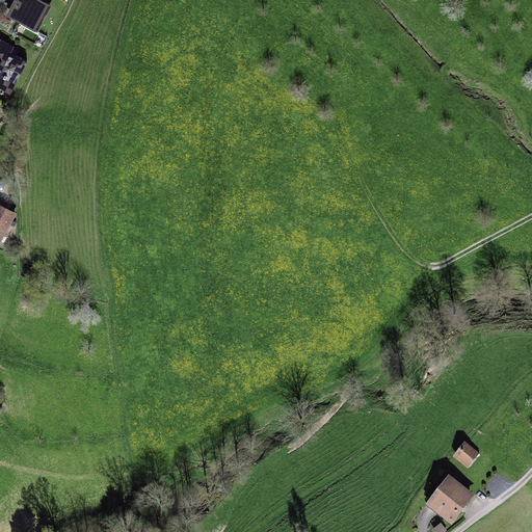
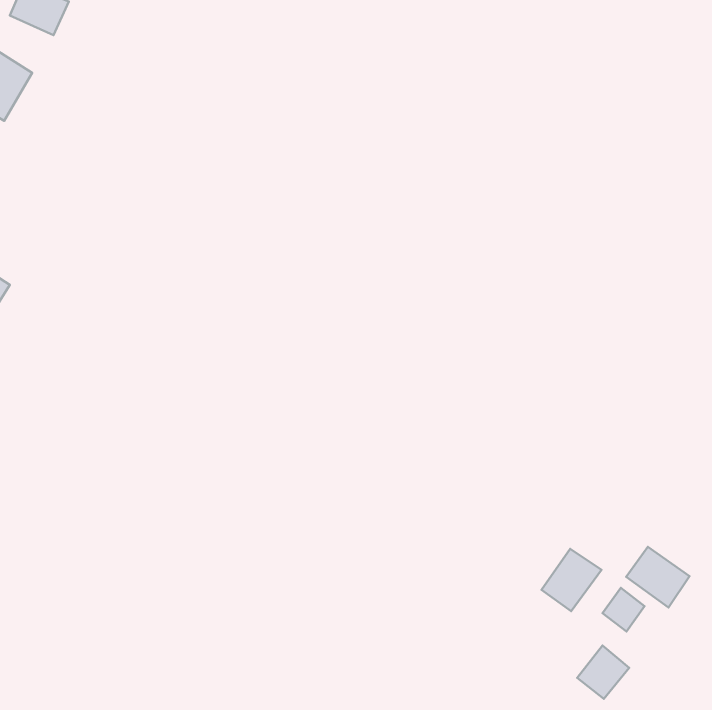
building: none -> [626,547,689,608]
building: none -> [541,549,601,611]

